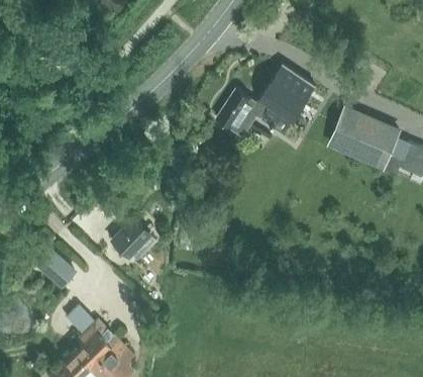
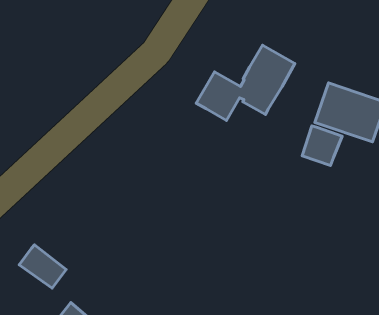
building: none -> [302,126,342,166]
building: [109,216,155,262] -> none

